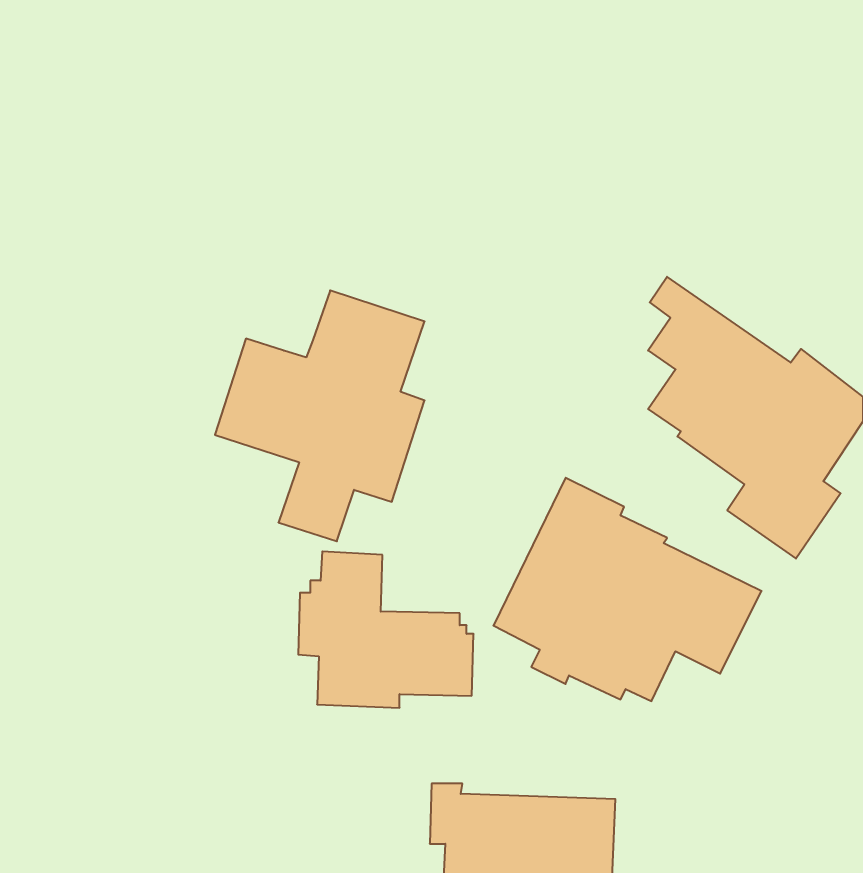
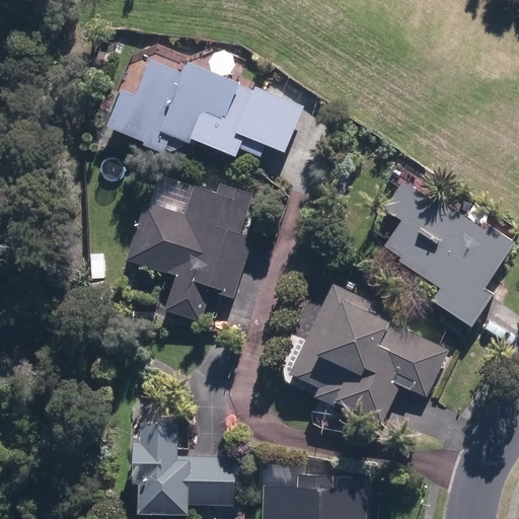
building: none -> [108,60,304,159]
building: [298,551,474,708] -> [131,421,234,513]

